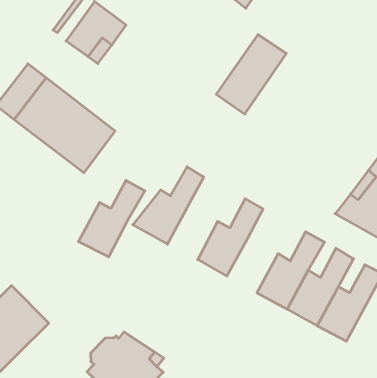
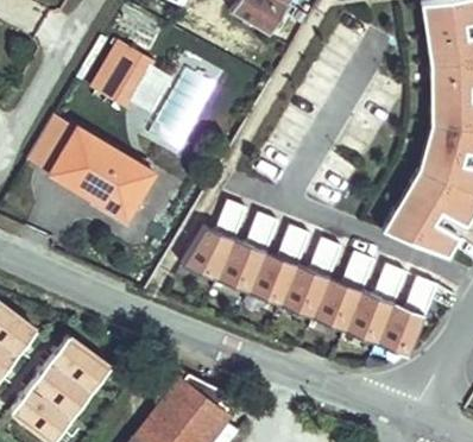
building: [216,35,286,114] -> [150,67,215,147]
building: [78,180,145,257] -> [217,213,278,291]
building: none -> [280,238,341,317]

